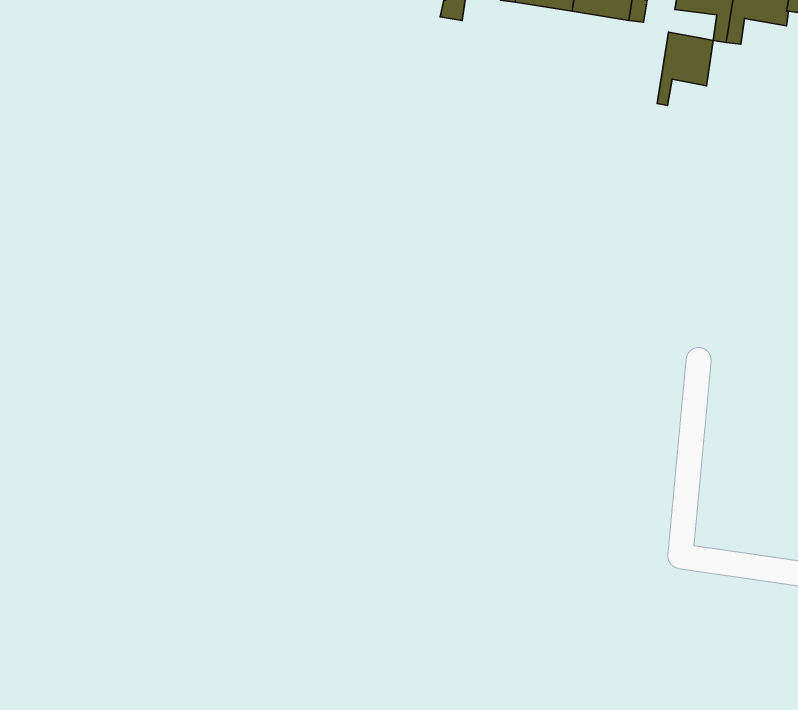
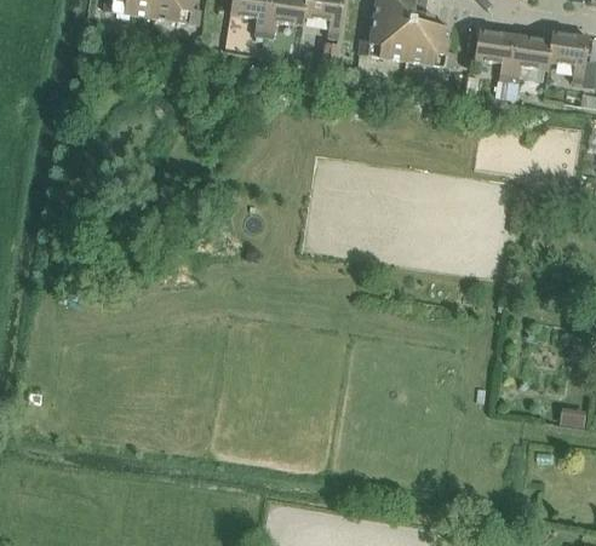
building: [657,32,713,105] -> none

